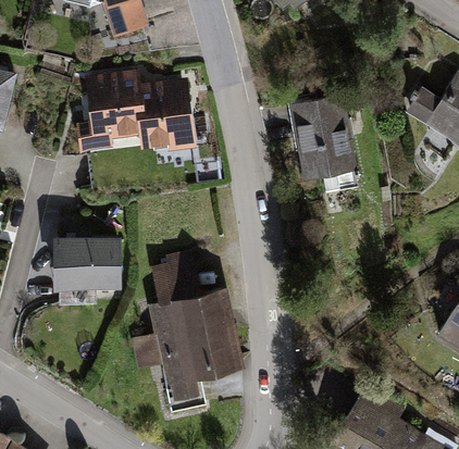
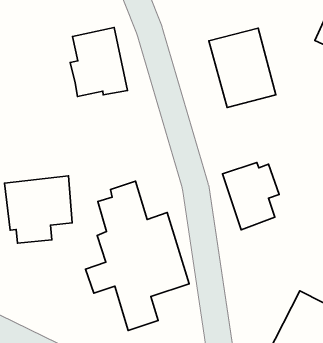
building: [77,70,146,152] -> none
building: none -> [223,163,279,230]

